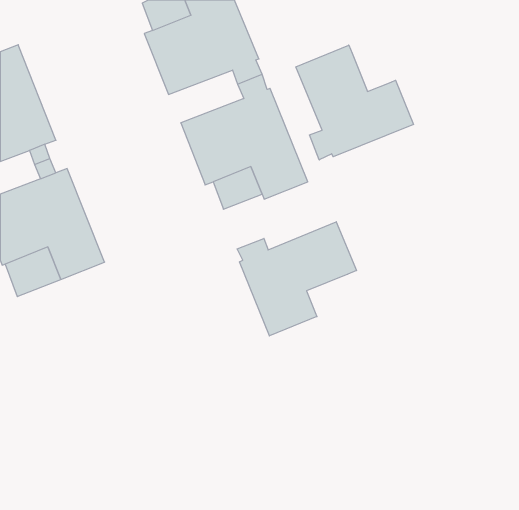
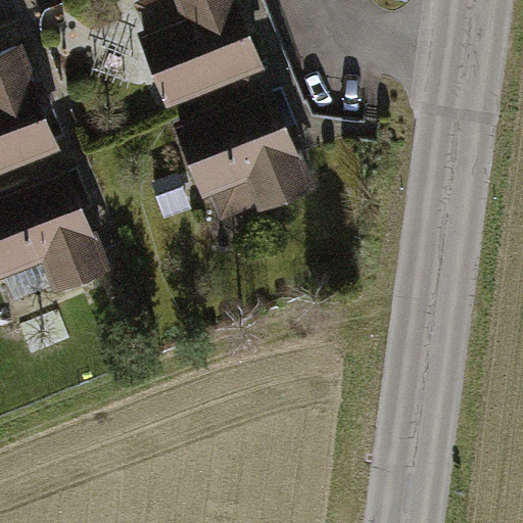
building: [296,45,414,160] -> none
building: [237,222,356,336] -> none

